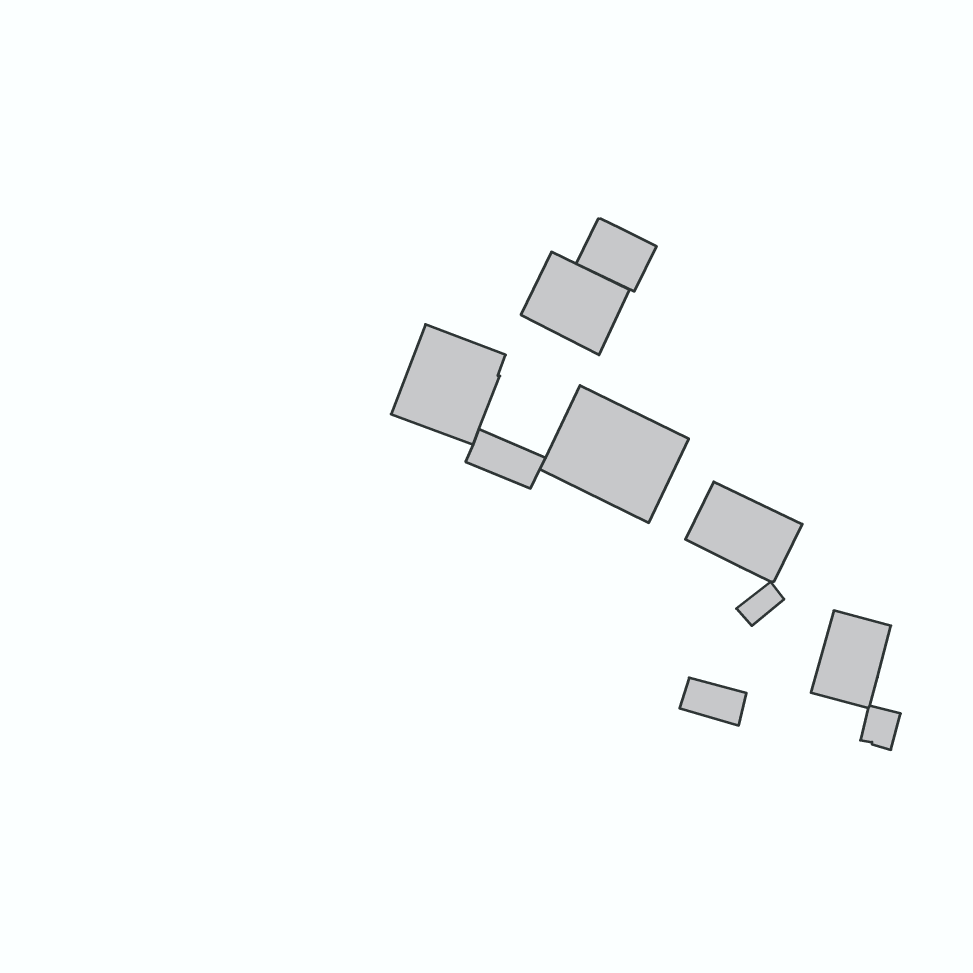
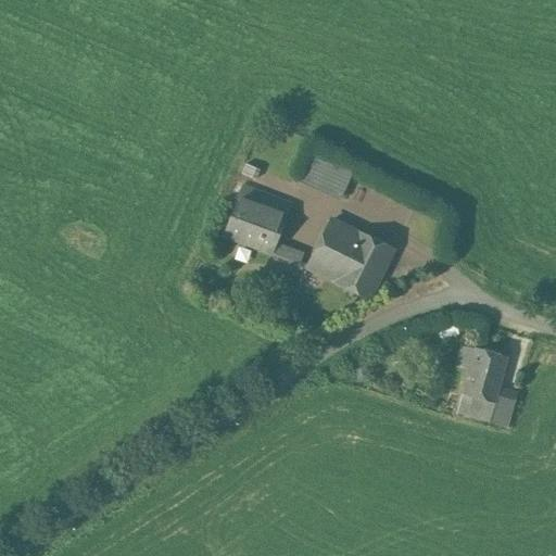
building: [576,219,656,291] -> none
building: [685,482,802,582] -> none
building: [680,678,746,725] -> [457,394,495,421]

